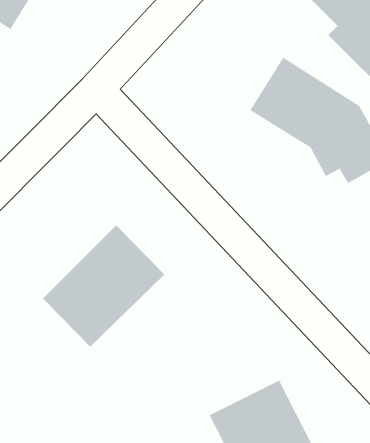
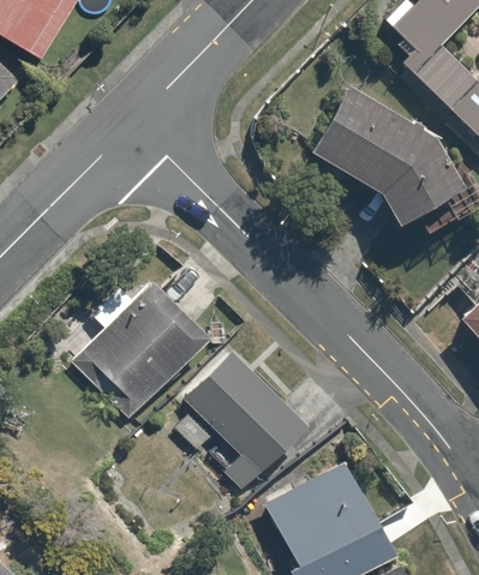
building: none -> [182,348,312,496]

